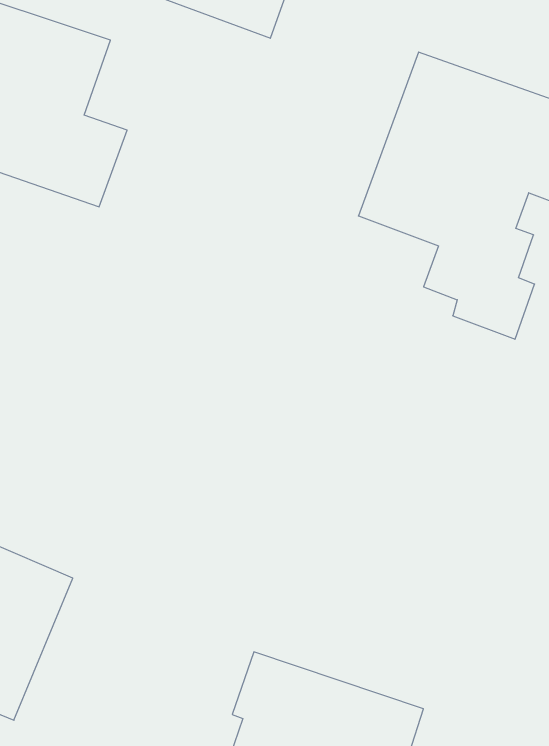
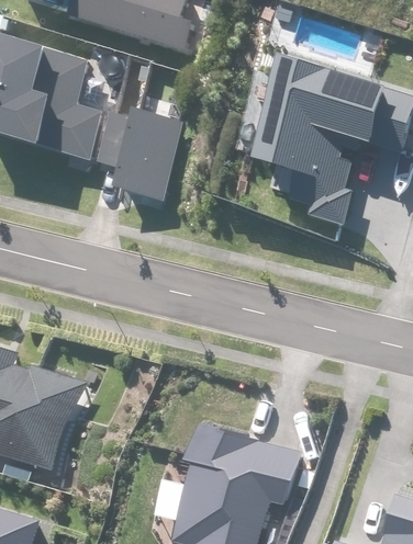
building: none -> [98,106,185,202]

